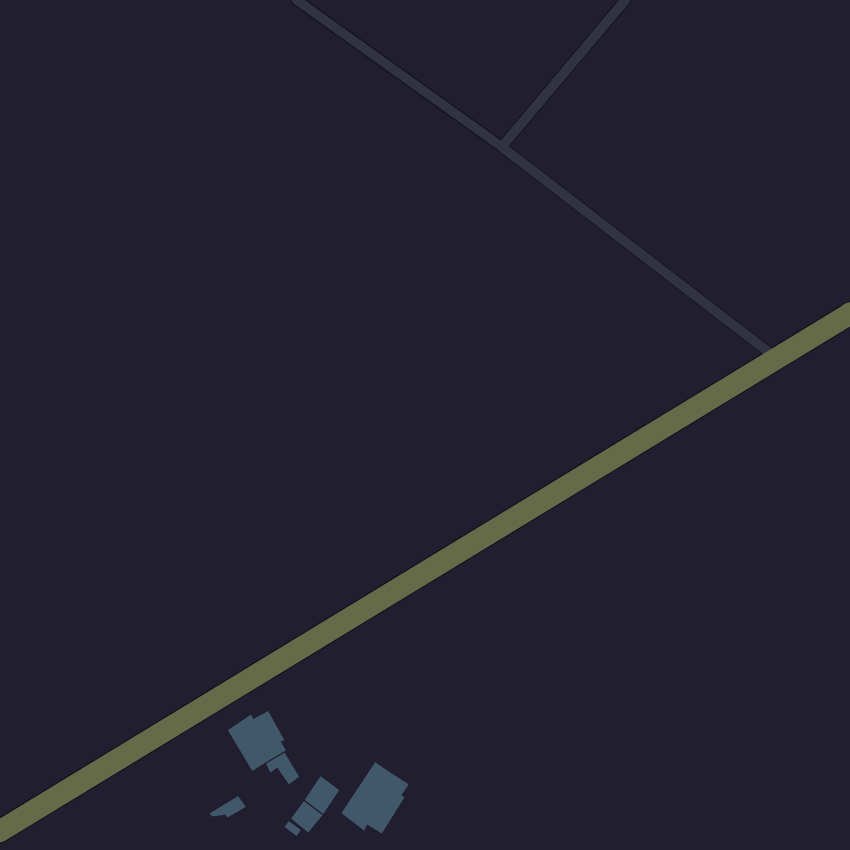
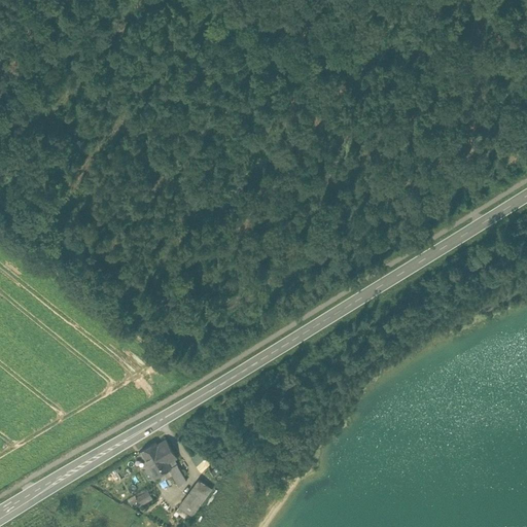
building: [340,761,409,834] -> none

